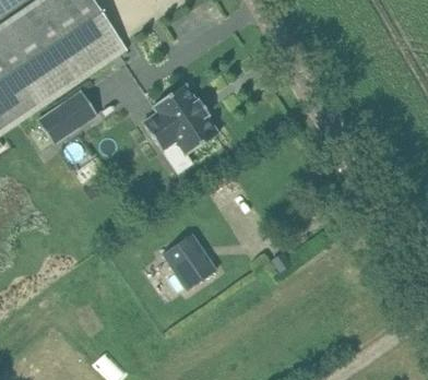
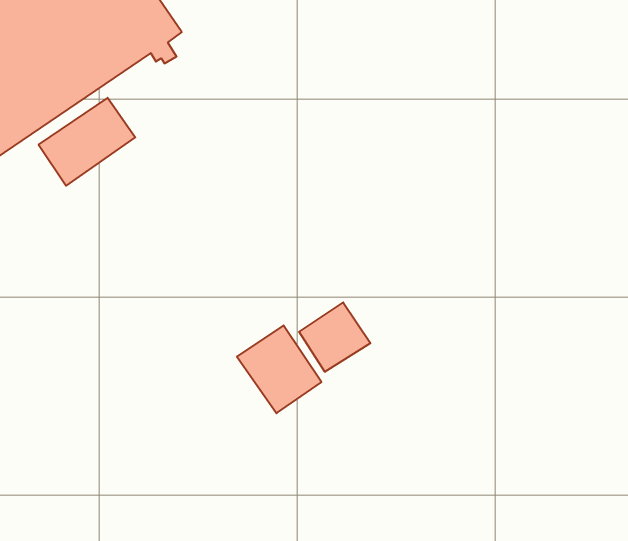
building: [140,80,216,151] -> none
building: none -> [299,302,370,372]

